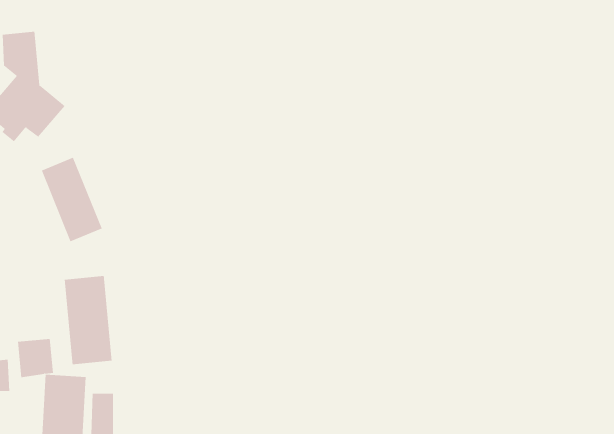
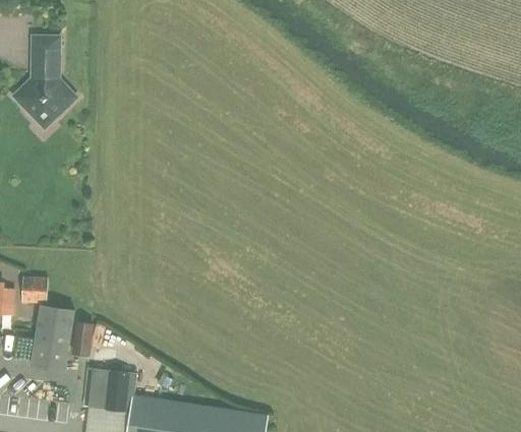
building: [41,157,102,242] -> none
building: [64,275,112,365] -> none

